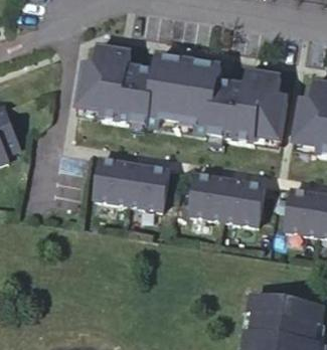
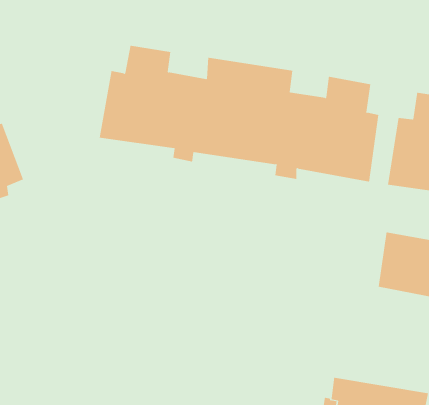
building: [95,156,170,209] -> none
building: [189,171,265,224] -> none

